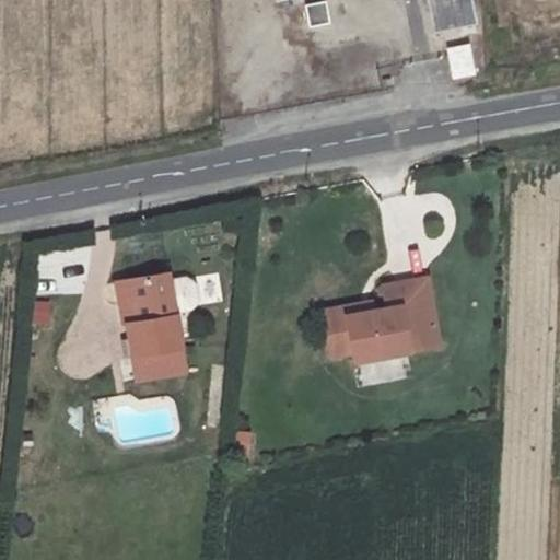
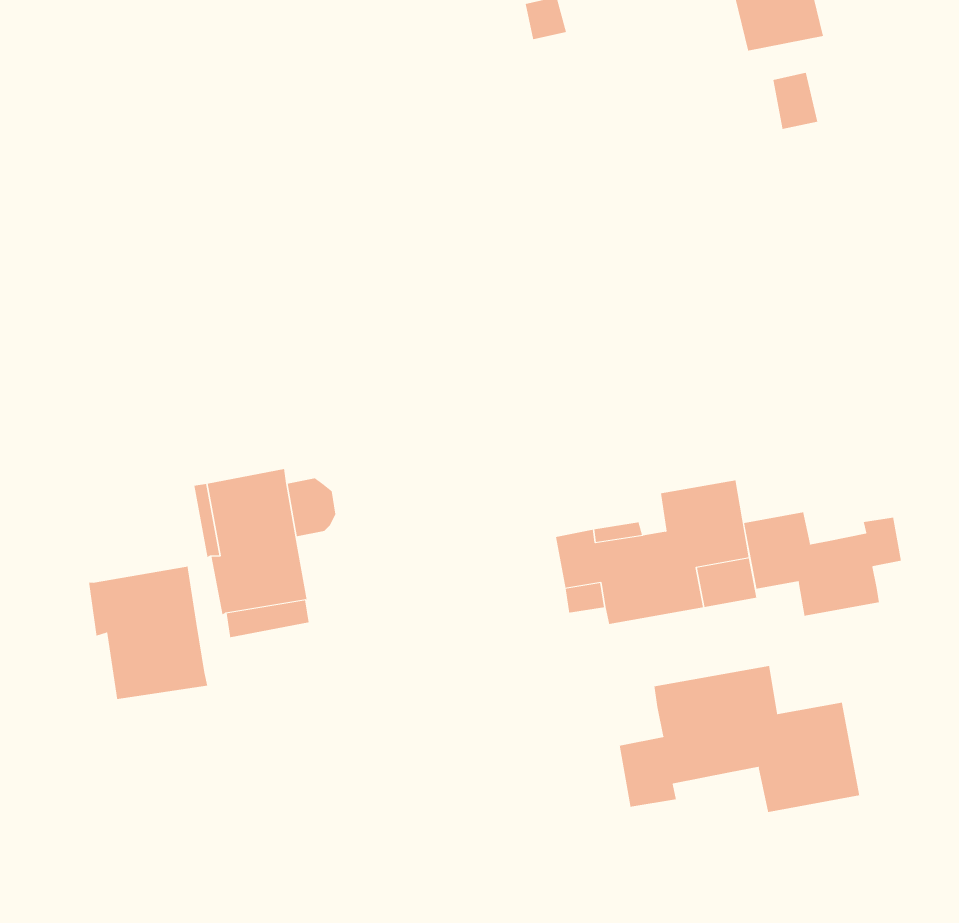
building: none -> [743,511,901,617]
building: none -> [88,566,208,700]
building: none -> [619,665,860,813]

